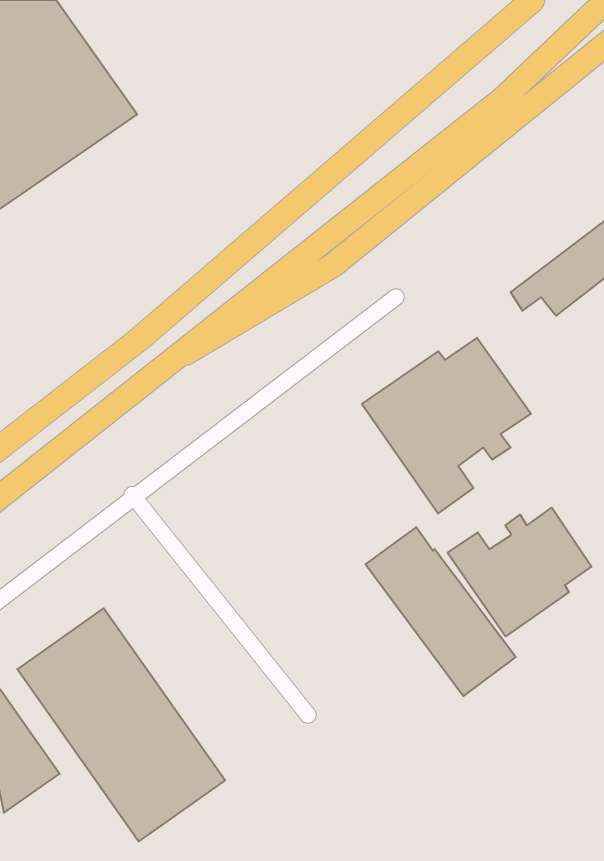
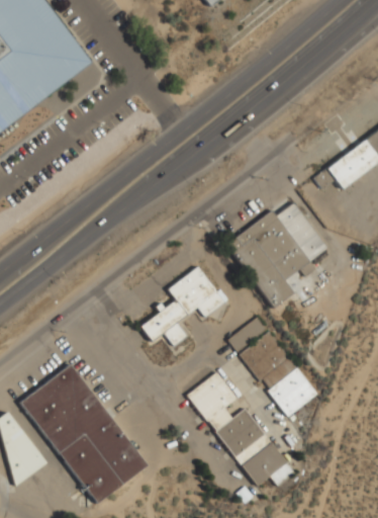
building: none -> [139,266,225,347]
building: [448,508,591,636] -> none
building: none -> [187,370,294,487]

